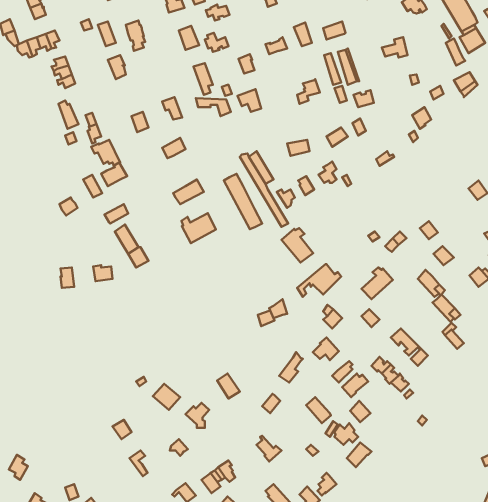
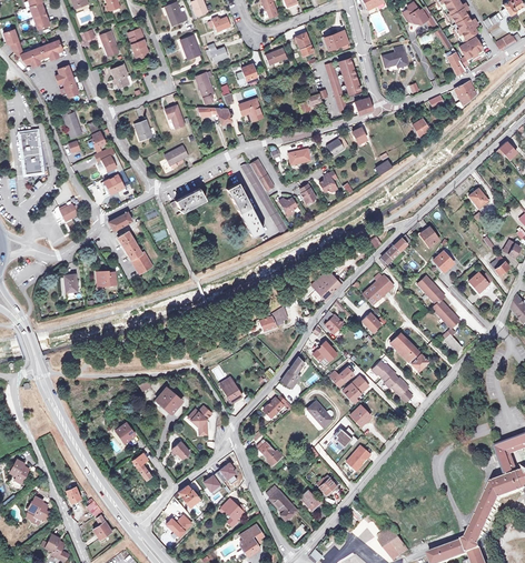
building: none -> [20,130,43,174]
building: [182,213,216,243] -> none
building: [281,228,313,263] -> none

